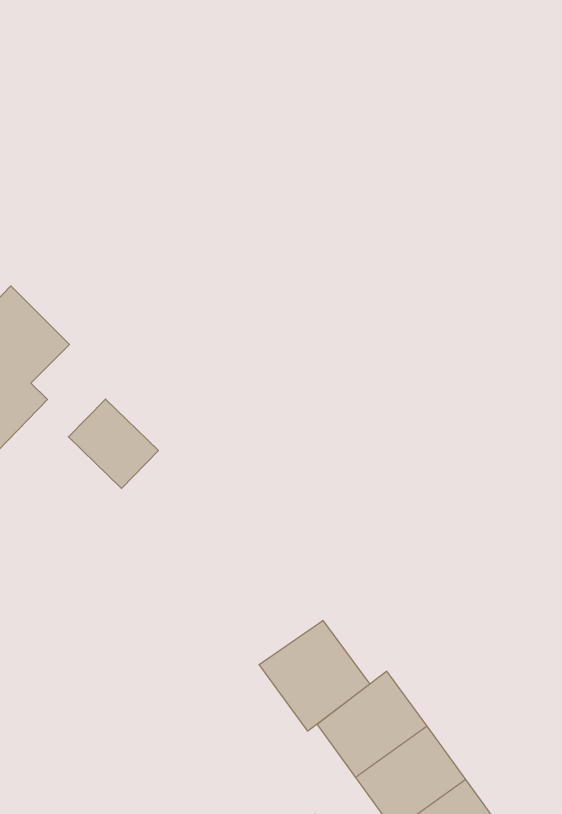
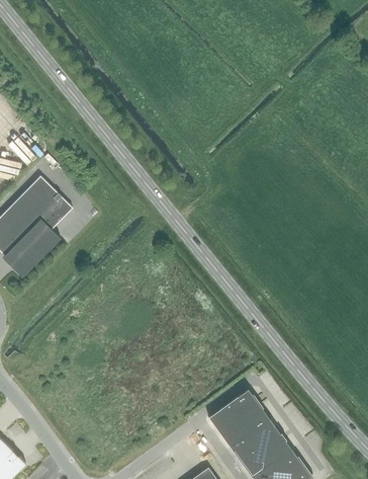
building: [68,399,158,488] -> none
building: [259,620,370,731] -> none

